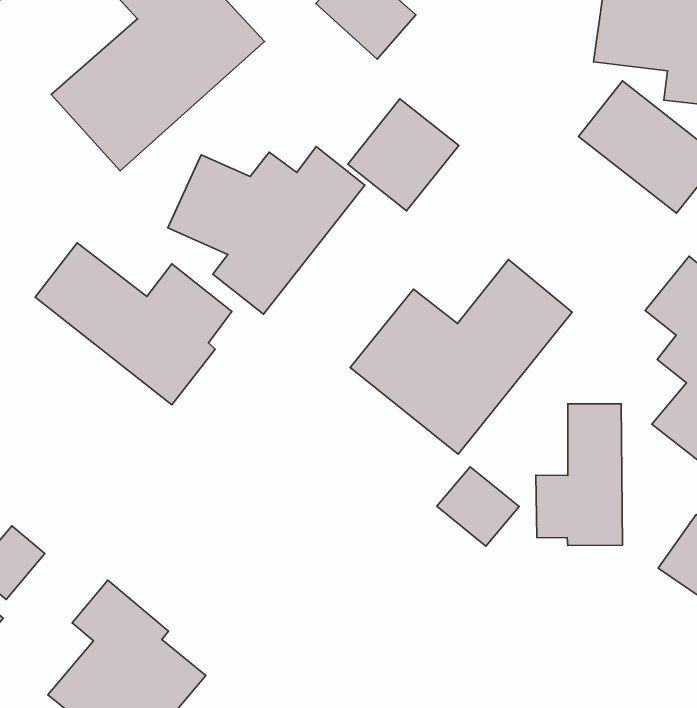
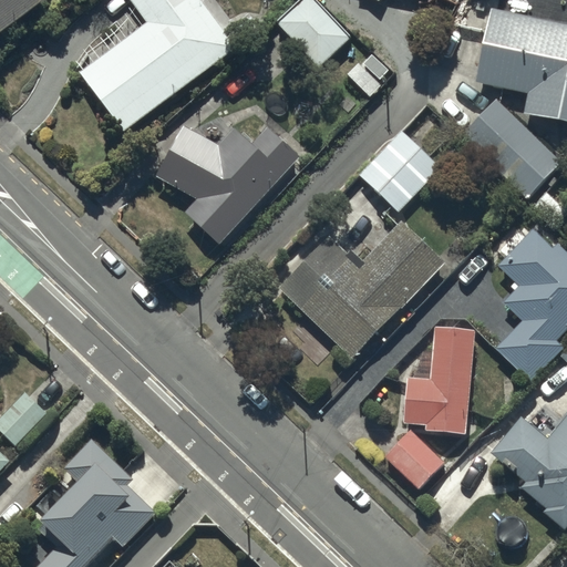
building: [348,99,459,211] -> [358,128,440,210]
building: [35,243,232,405] -> none
building: [437,467,519,546] -> [384,430,444,488]

